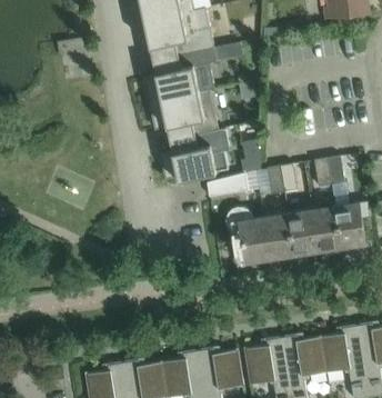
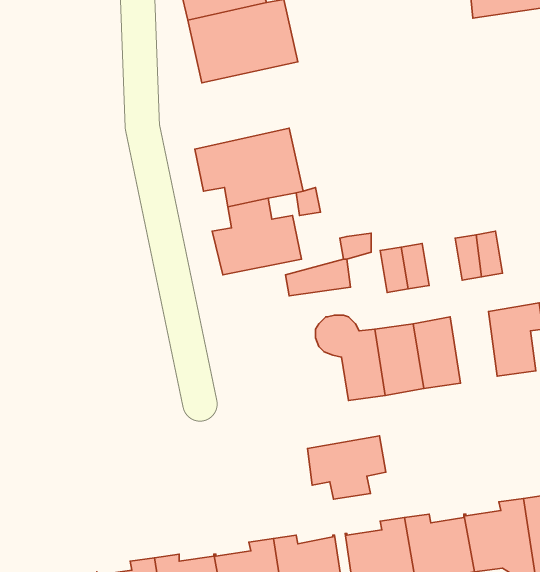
building: [144,48,218,103] -> none
building: [311,207,341,252] -> none
building: none -> [307,436,386,499]

